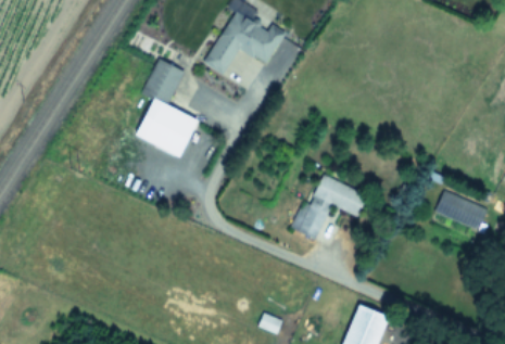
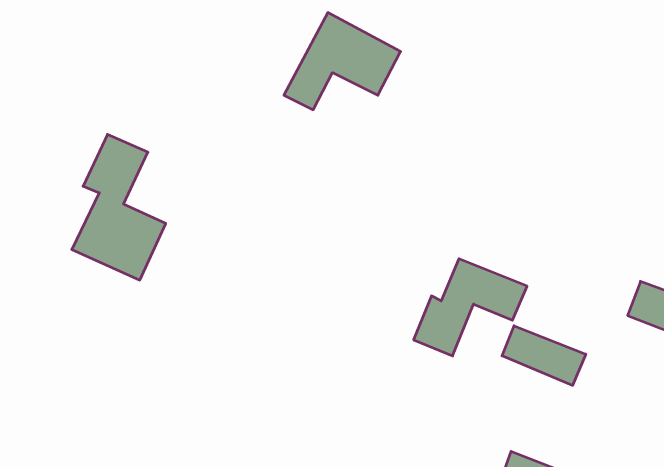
building: [135,60,198,157] -> [72,134,166,280]
building: none -> [502,326,586,385]

